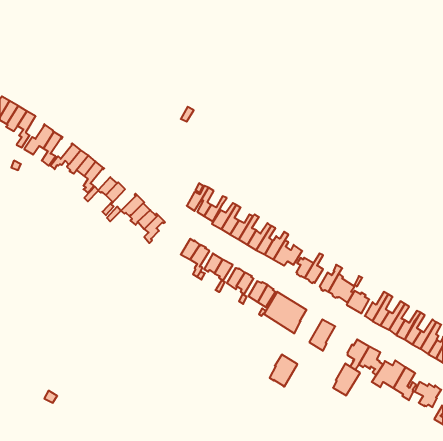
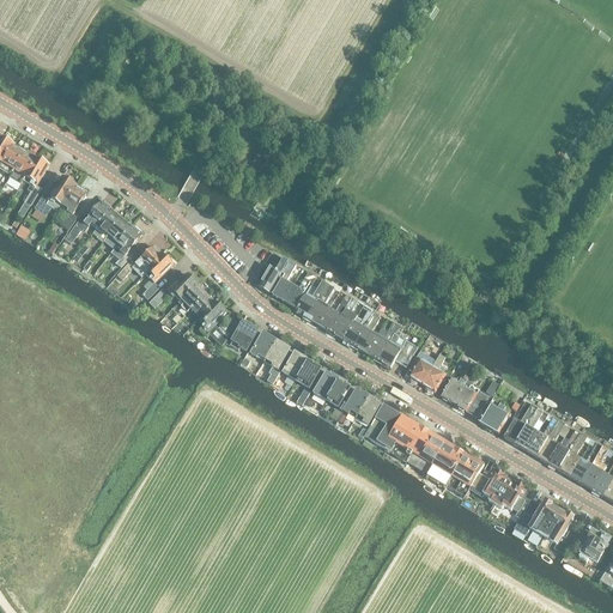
building: none -> [214,318,257,348]
building: [270,355,297,387] -> [406,427,444,472]
building: [333,363,360,395] -> [445,450,482,494]

